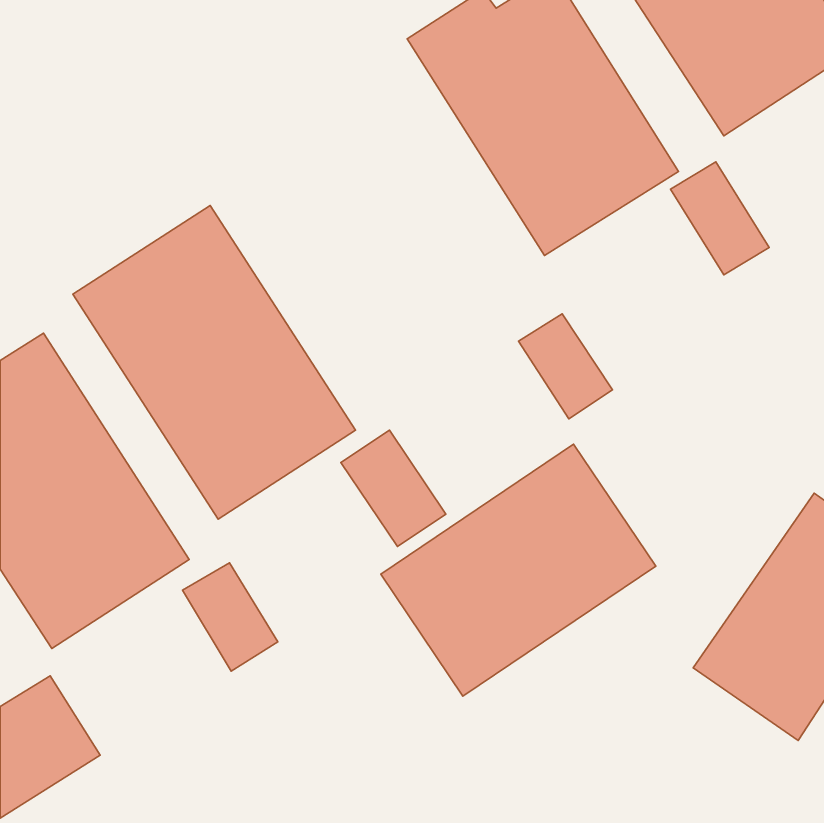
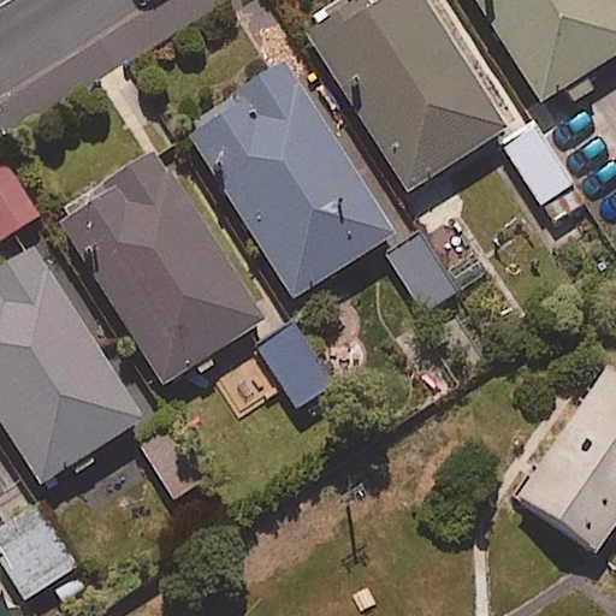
building: none -> [183,64,395,298]
building: [381,444,656,696] -> none

